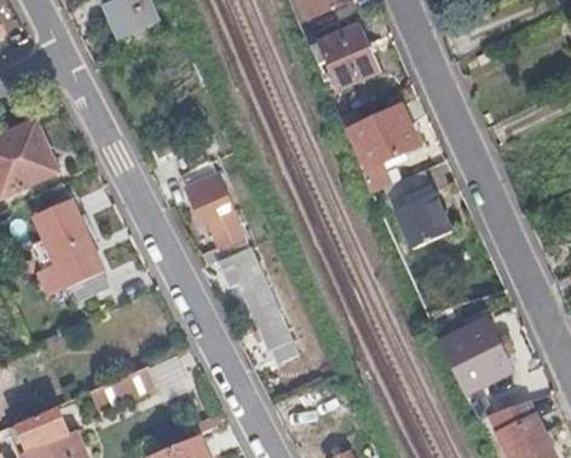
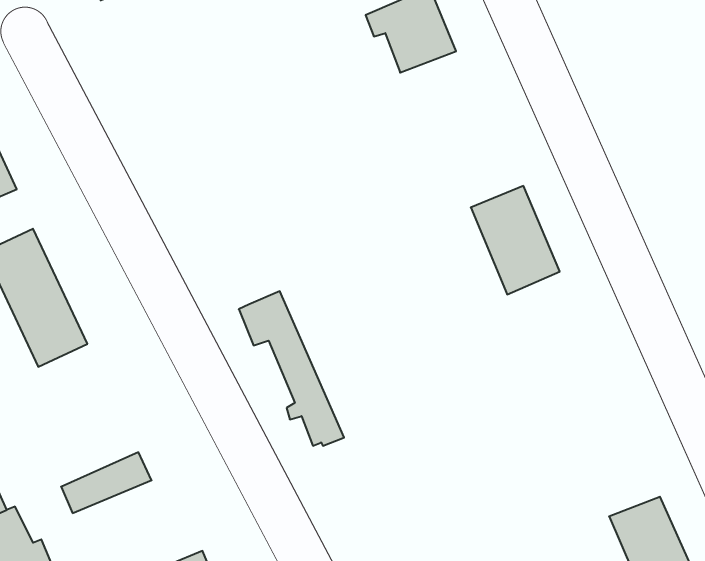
building: [351,106,415,164] -> none
building: [186,161,249,256] -> none
building: [443,318,512,388] -> none

